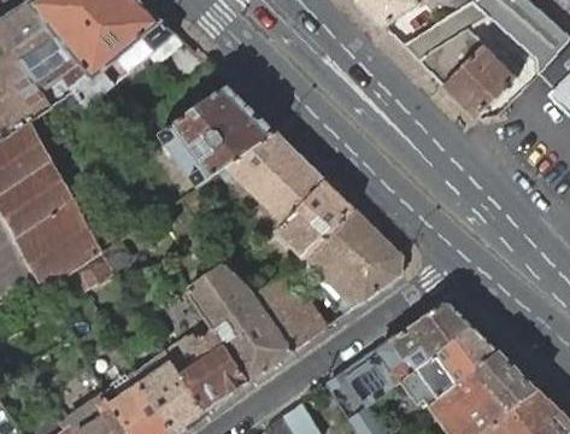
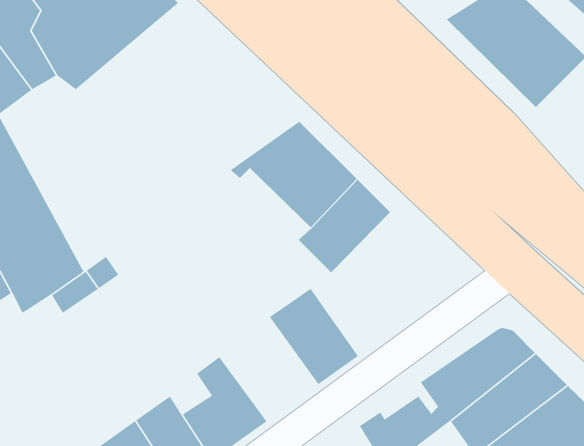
building: [160,84,277,187] -> none
building: [304,206,402,306] -> none
building: [184,263,293,380] -> none

